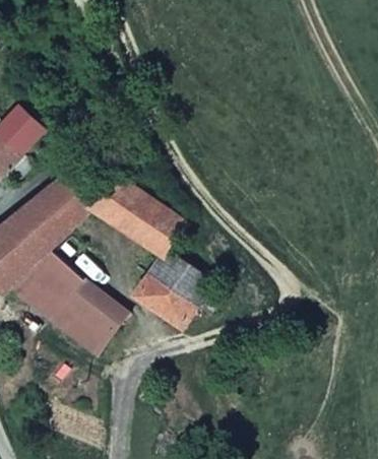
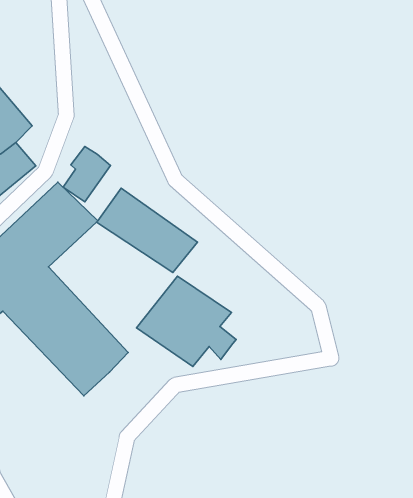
building: none -> [63,147,110,202]

